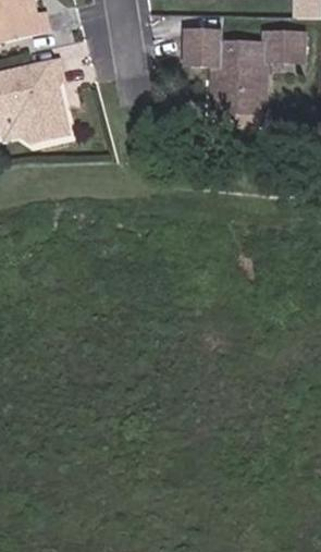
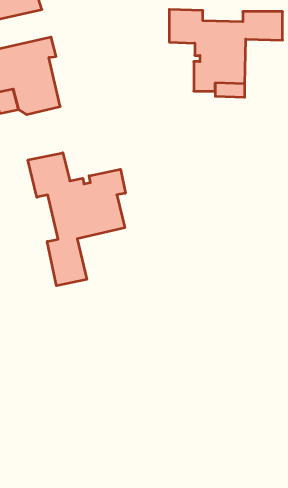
building: none -> [28,153,125,286]

